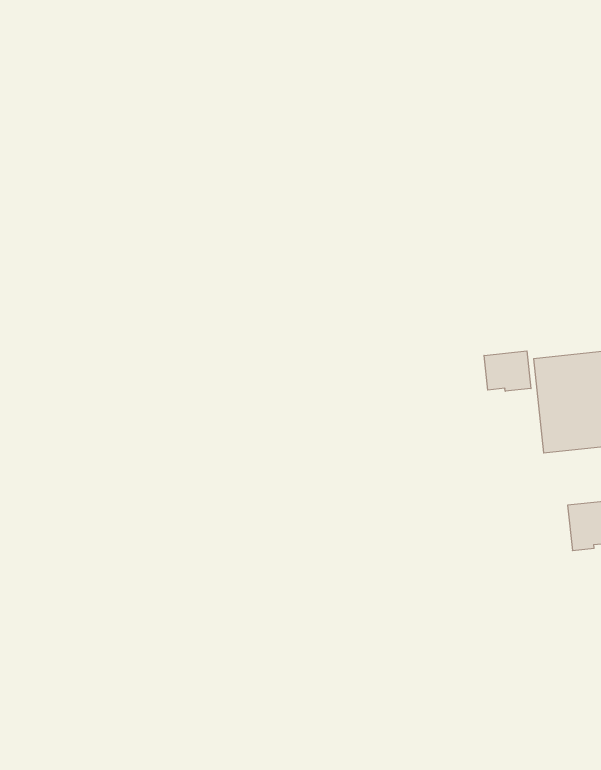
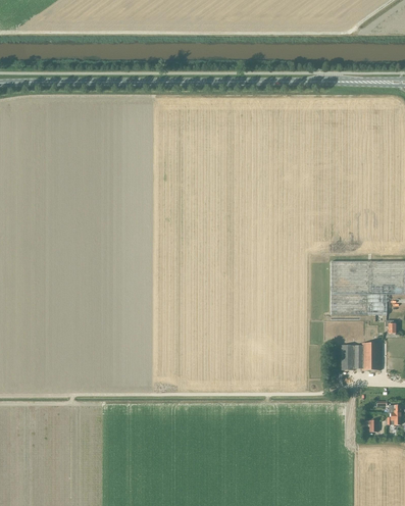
building: [484,351,531,391] -> none

